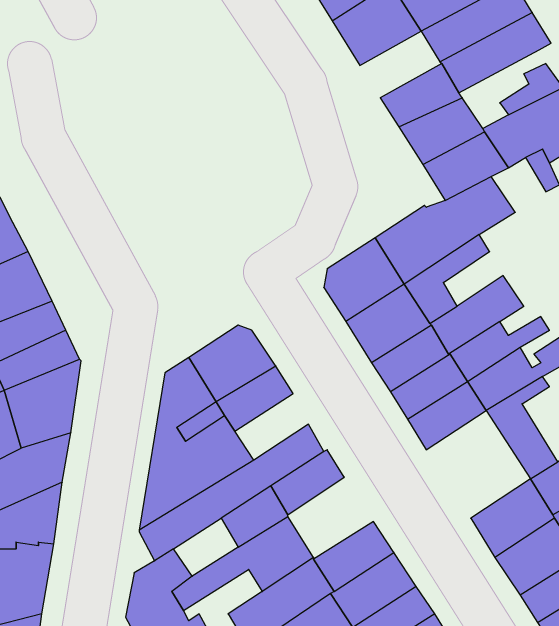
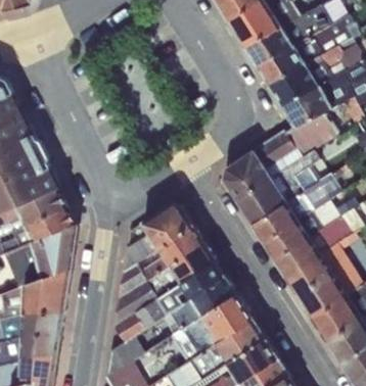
building: none -> [244,26,293,65]
building: none -> [304,37,356,84]
building: none -> [170,242,216,282]
building: none -> [284,252,347,317]
building: none -> [201,292,253,341]

